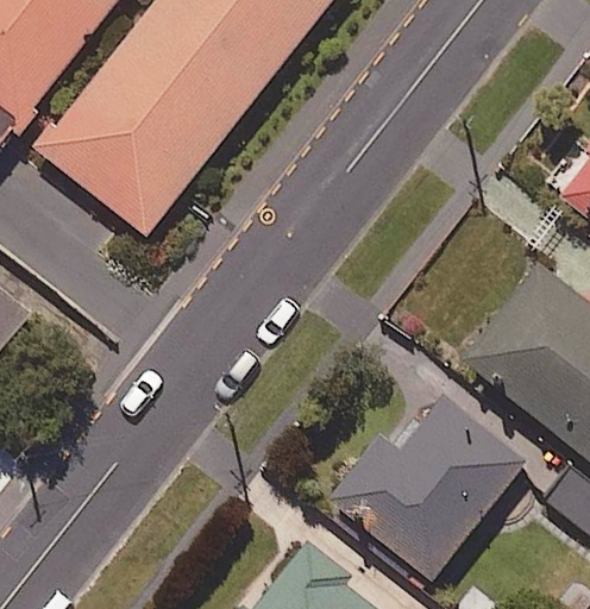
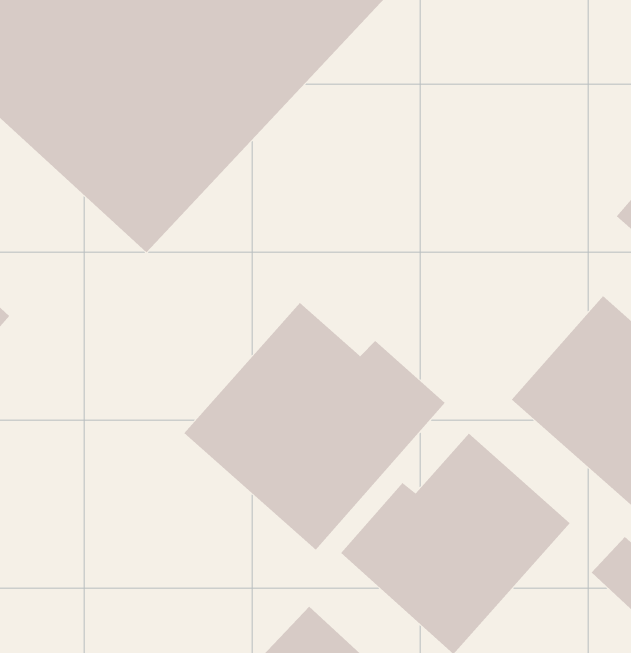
building: none -> [183,302,445,550]

